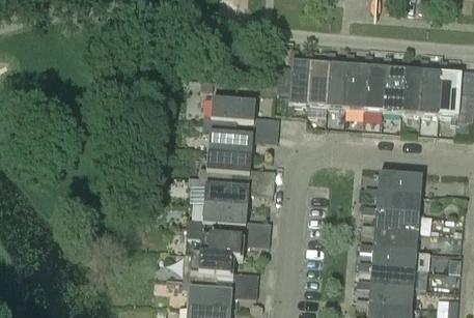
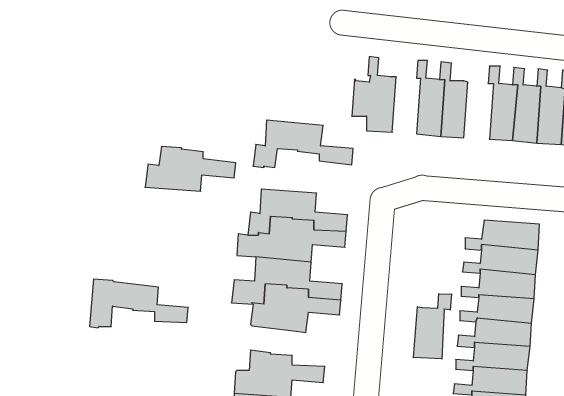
building: [308,50,331,107] -> none
building: [364,53,387,111] -> none
building: [208,118,278,152] -> [145,147,236,191]
building: none -> [413,294,451,359]
building: [183,252,258,289] -> [90,279,188,328]

